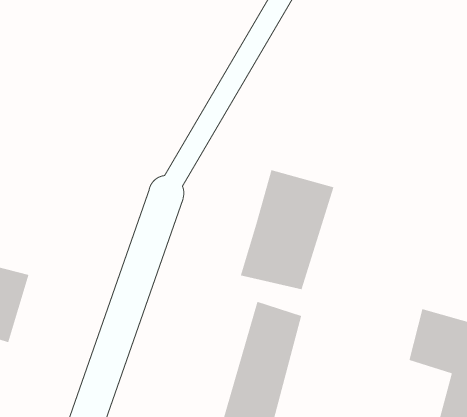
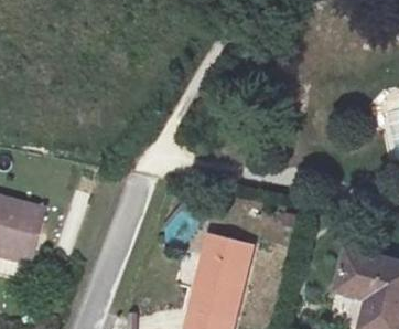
building: [240,169,334,290] -> none

